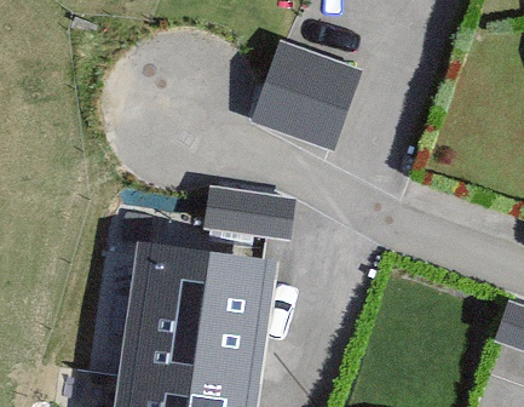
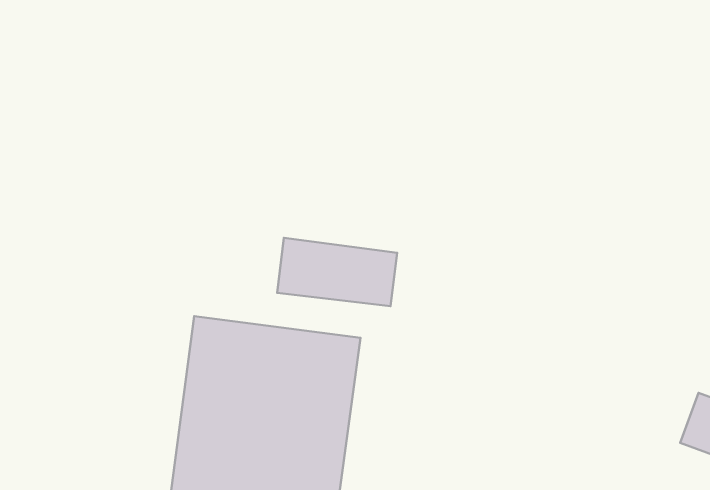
building: [255,45,351,142] -> none

